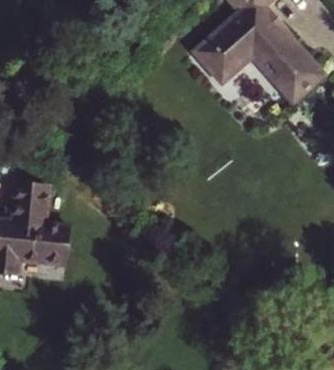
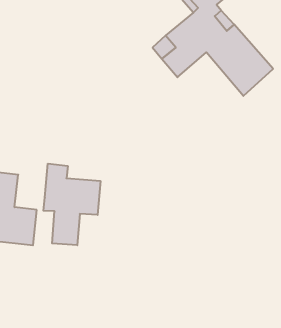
building: none -> [43,164,100,245]

